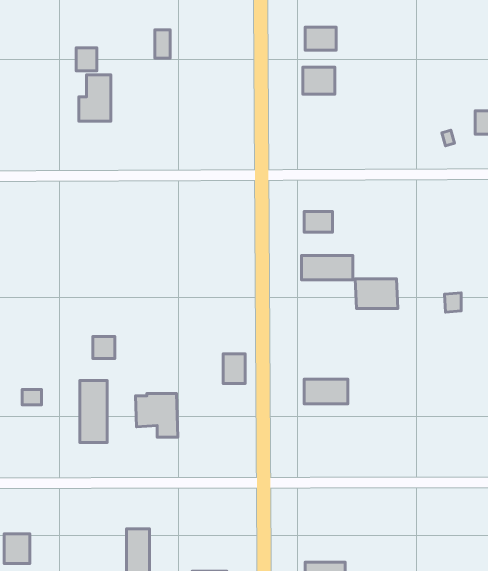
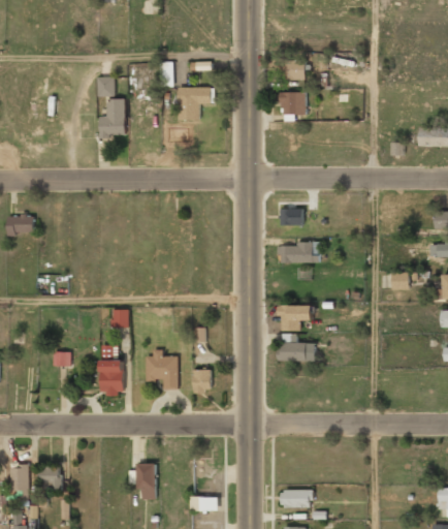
building: none -> [178,88,211,120]
building: [355,279,398,308] -> [277,307,311,331]
building: [223,354,245,383] -> [193,369,211,393]

